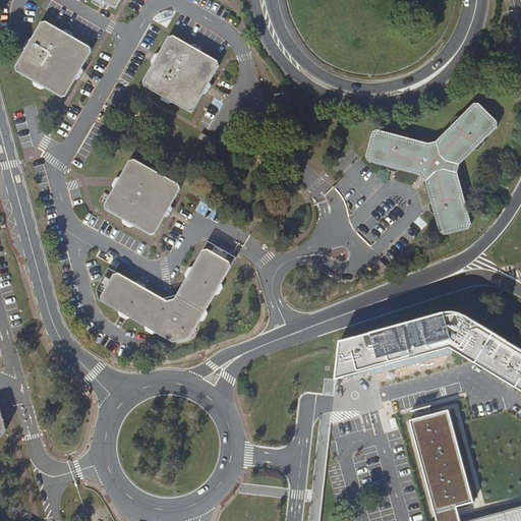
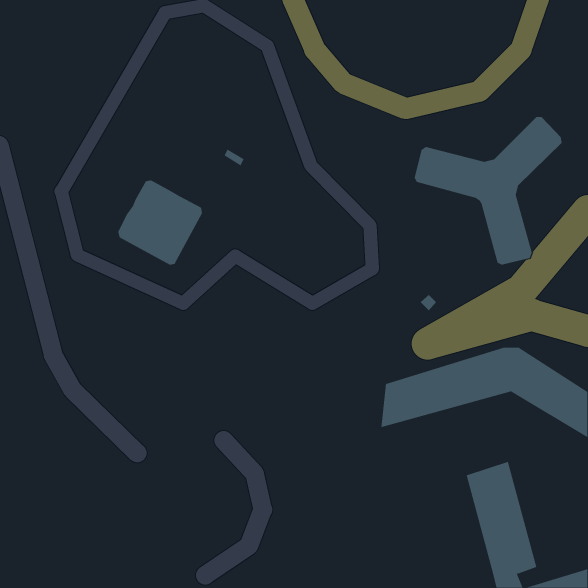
building: [14,20,91,97] -> none
building: [142,35,218,111] -> none
building: [100,248,230,342] -> none

